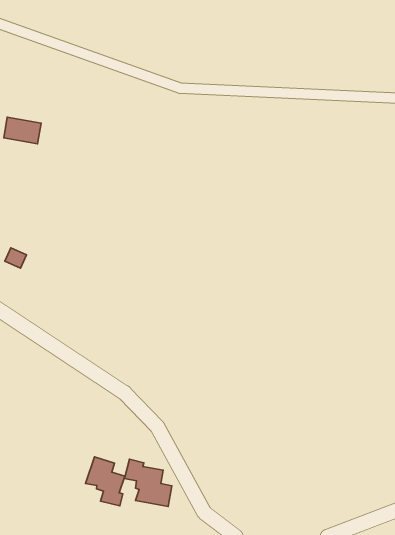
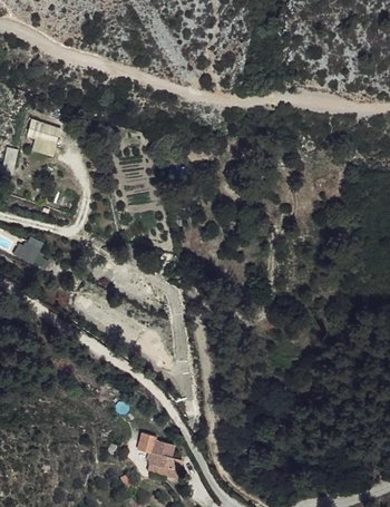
building: [86,457,125,506] -> none

